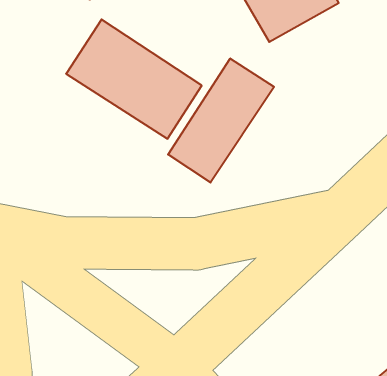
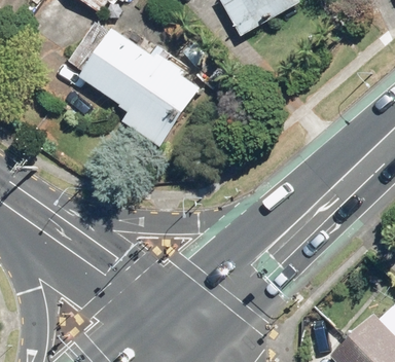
building: [168,58,274,183] -> none

